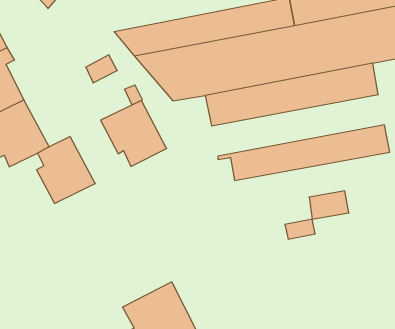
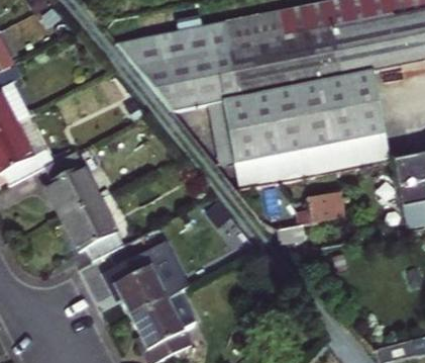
building: none -> [212,103,379,163]
building: [101,100,167,166] -> [61,189,124,253]
building: none -> [99,233,186,308]

